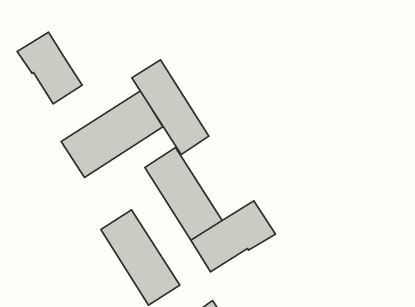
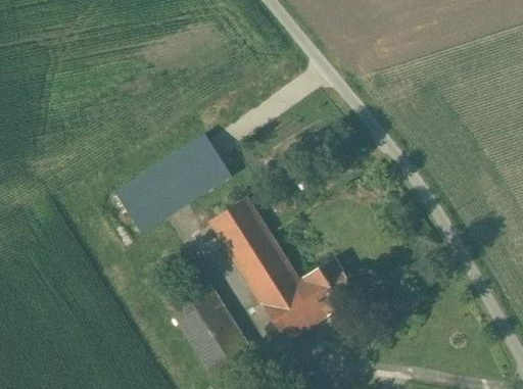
building: [17,32,82,104] -> none
building: [132,60,209,154] -> none

